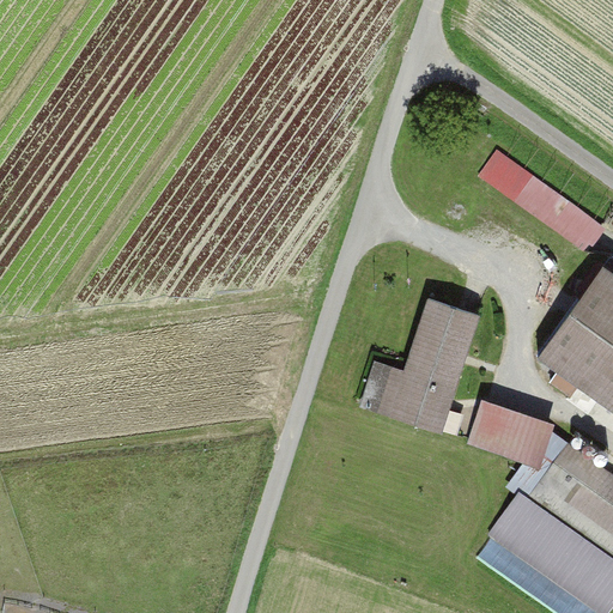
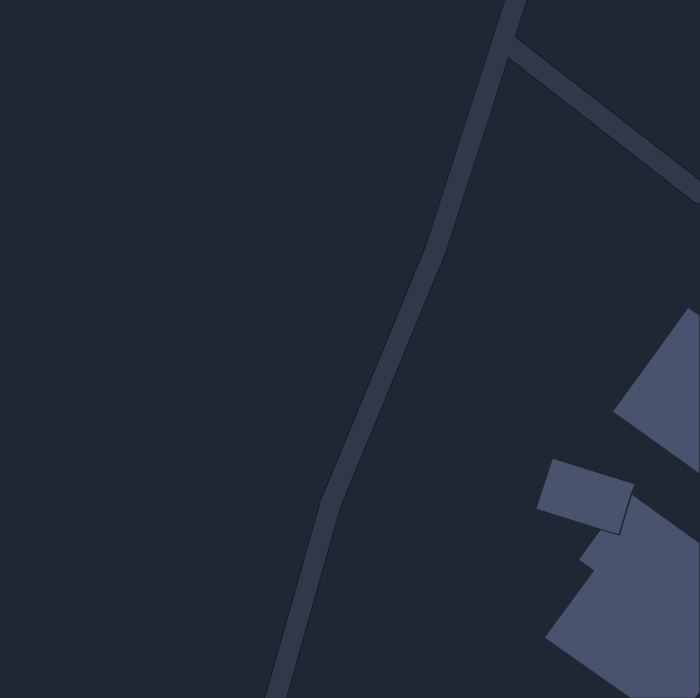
building: [479,148,605,251] -> none
building: [360,299,481,433] -> none

